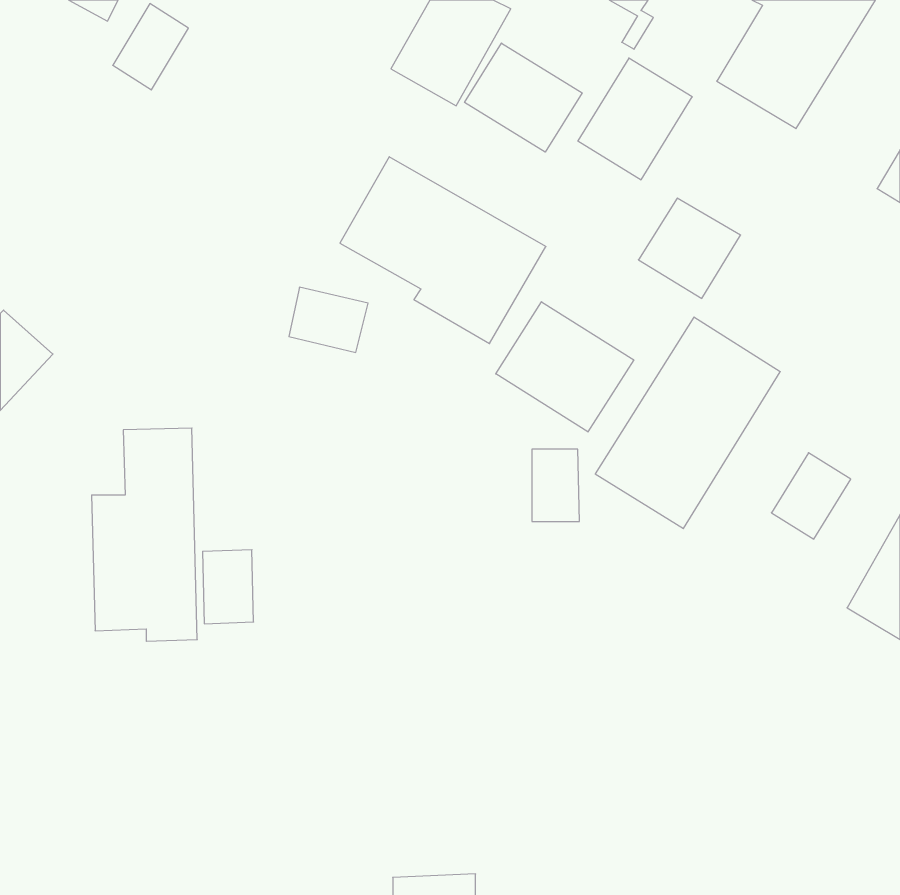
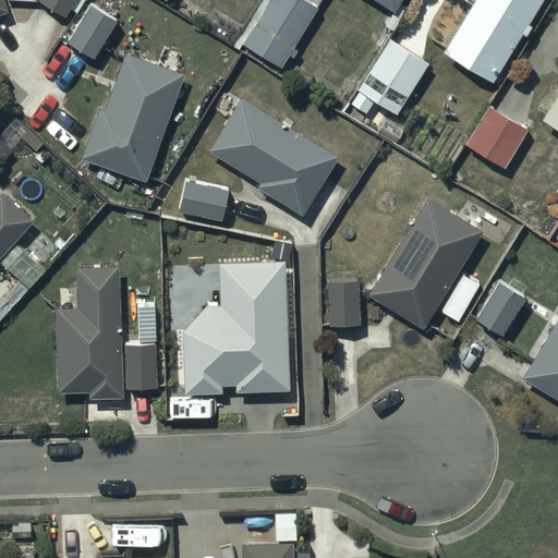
building: [465,43,582,152] -> none
building: none -> [81,54,184,182]
building: [638,198,741,298] -> [465,108,529,170]
building: [496,302,634,432] -> none
building: none -> [183,262,289,396]

